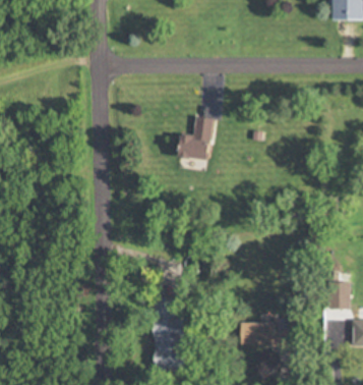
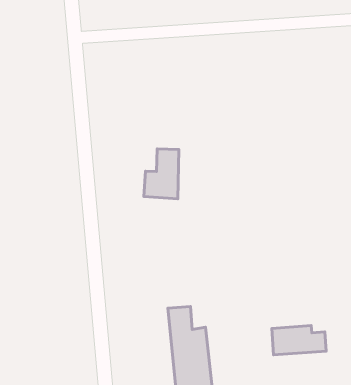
building: [182,116,215,160] -> [144,149,179,199]

